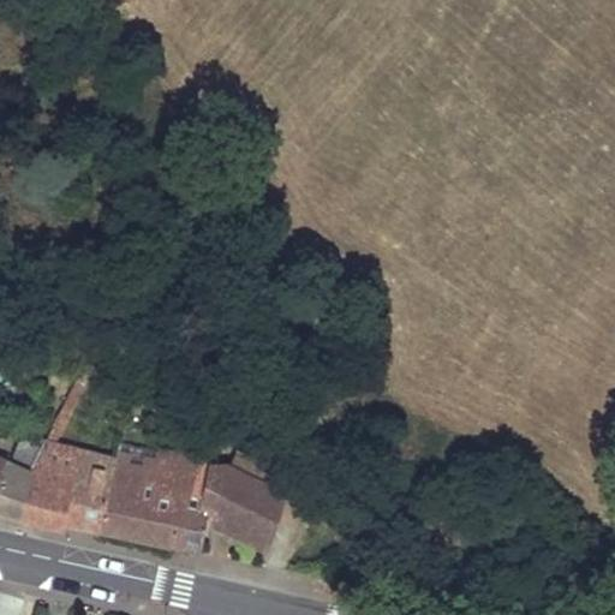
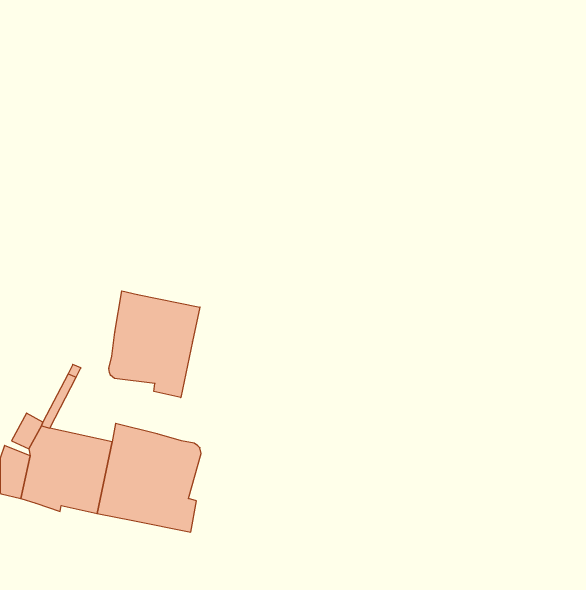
building: none -> [109,291,200,398]
building: [201,470,279,548] -> none

